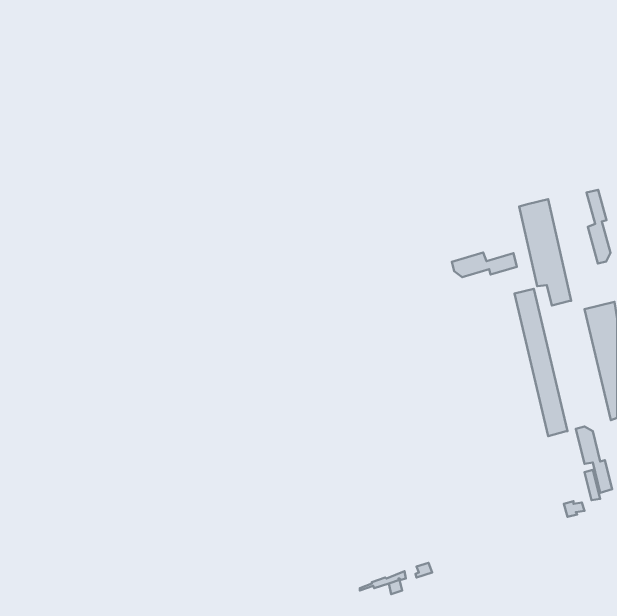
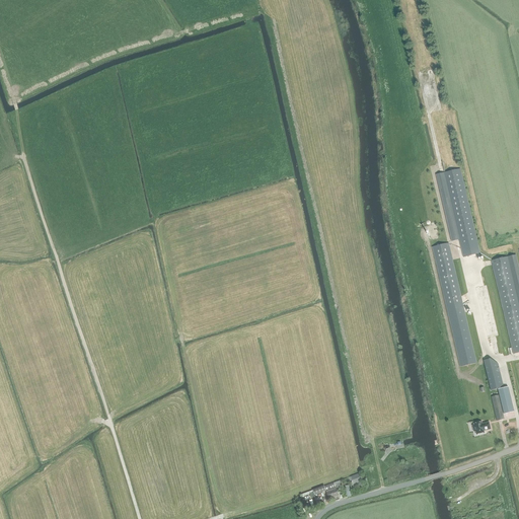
building: [586,190,611,263] -> none
building: [452,252,517,277] -> none

